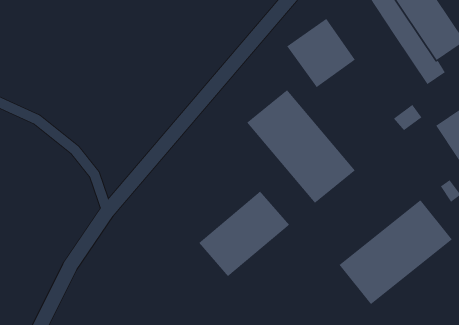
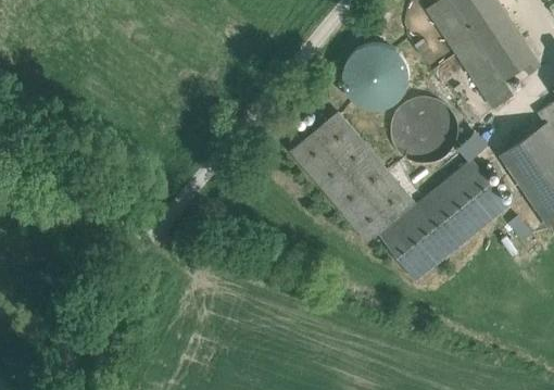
building: none -> [391,97,457,164]
building: [198,191,290,277] -> none
building: [338,199,453,305] -> [381,161,508,278]

